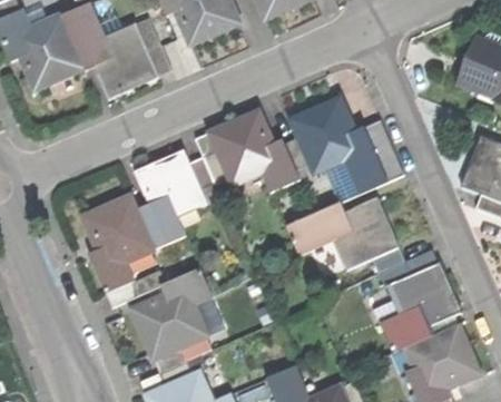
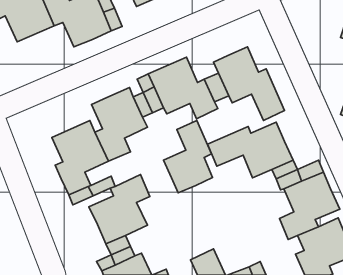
building: none -> [163,121,213,193]

